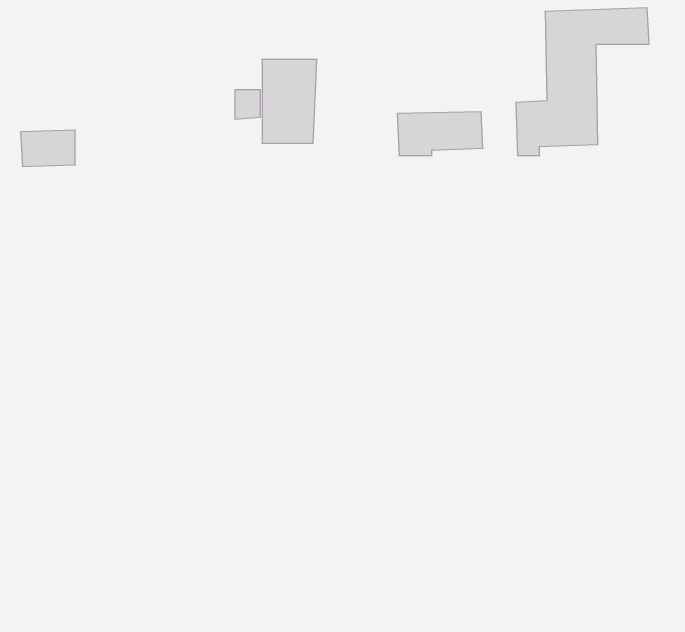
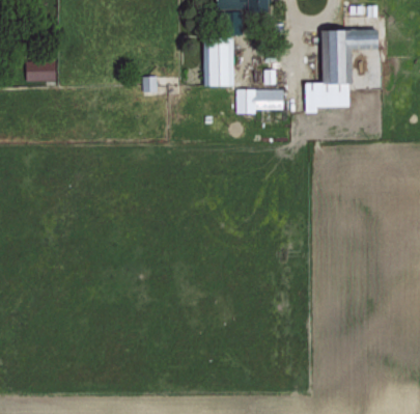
building: [262,59,317,143] -> [203,38,234,86]
building: [21,130,75,167] -> [26,61,57,82]

